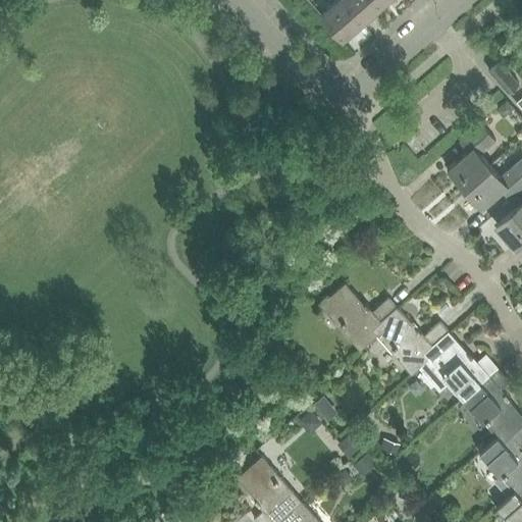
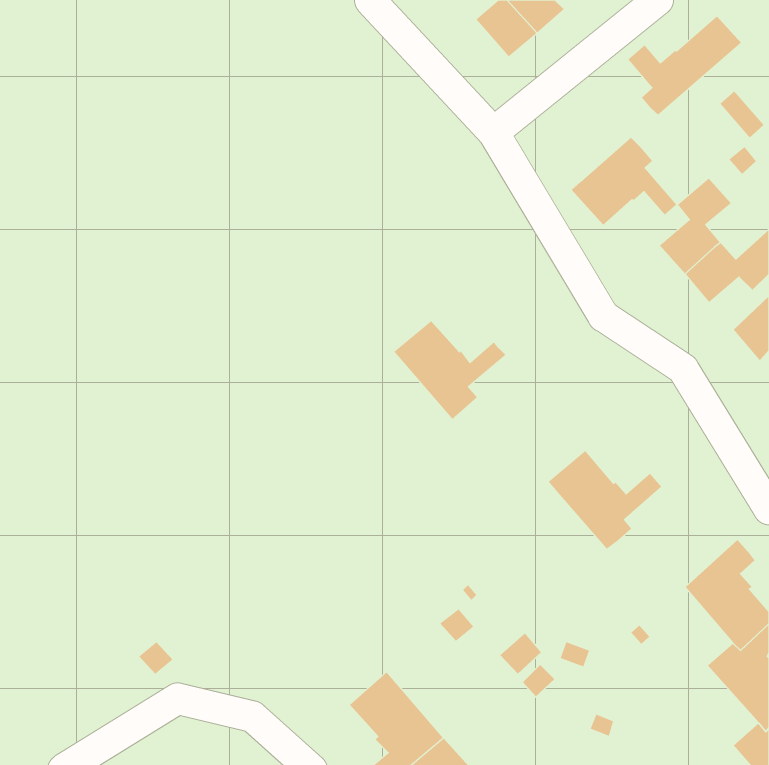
building: none -> [628,15,742,116]
building: none -> [571,137,677,225]
building: [320,284,397,352] -> [393,320,506,420]
building: [419,332,500,401] -> none

